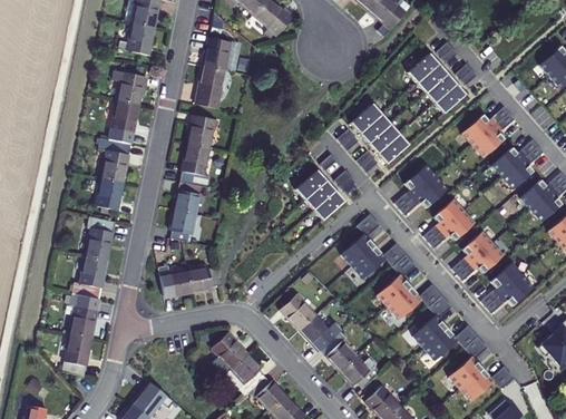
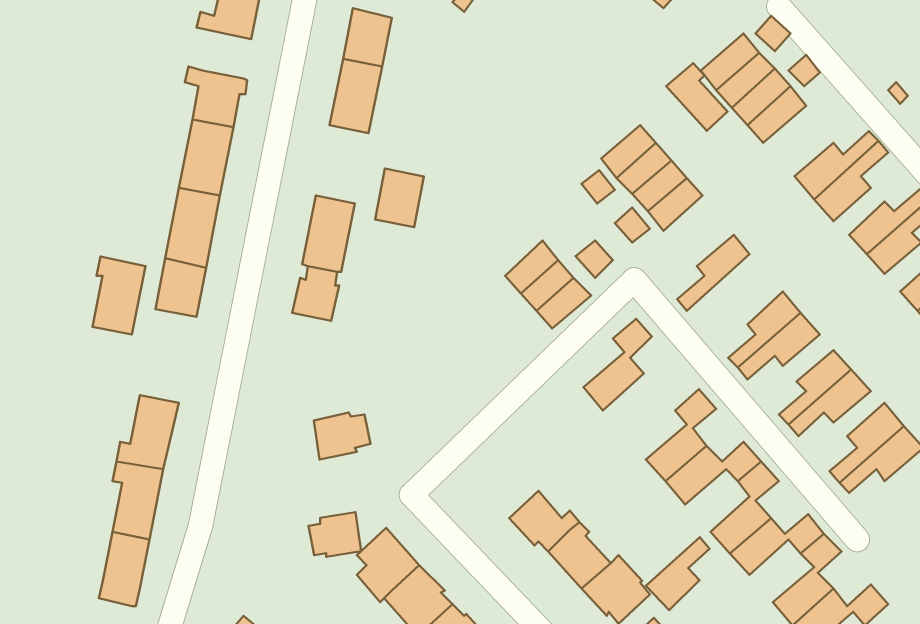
building: none -> [666,63,727,131]
building: [187,115,215,148] -> [375,169,424,227]
building: [399,177,446,215] -> none
building: [169,211,196,242] -> none
building: [87,217,117,262] -> [93,256,145,335]
building: [351,243,406,279] -> none
building: [159,272,189,298] -> [308,512,361,557]
building: [279,292,314,328] -> none
building: none -> [646,537,710,610]

